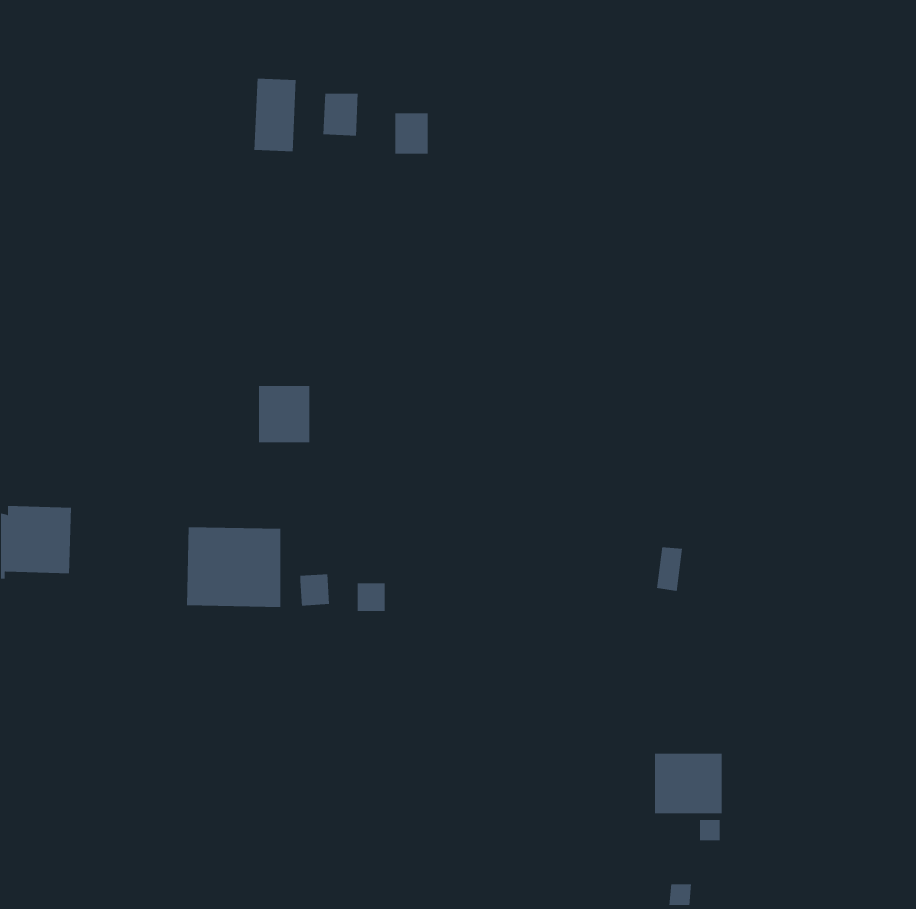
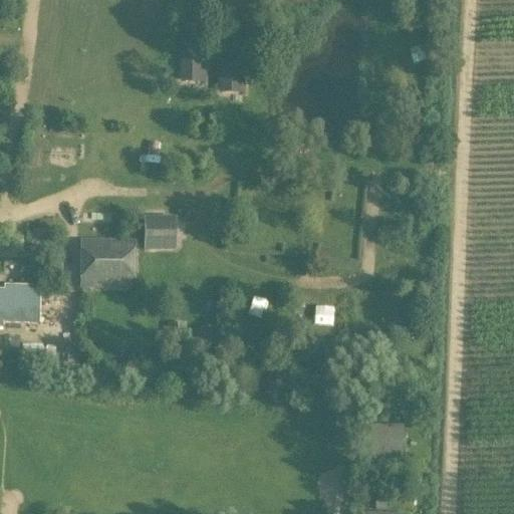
building: [254,78,296,152] -> none
building: [186,527,281,607] -> [80,239,134,284]

